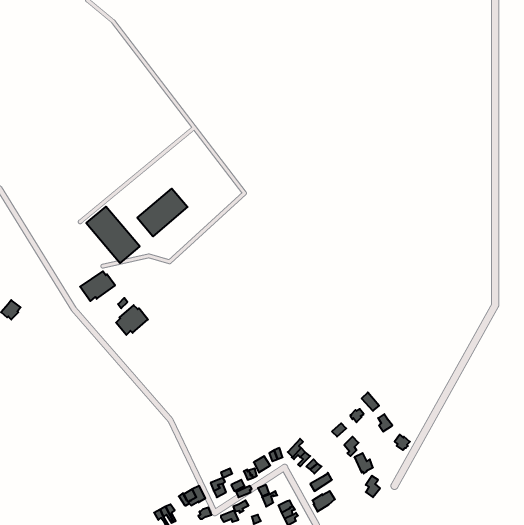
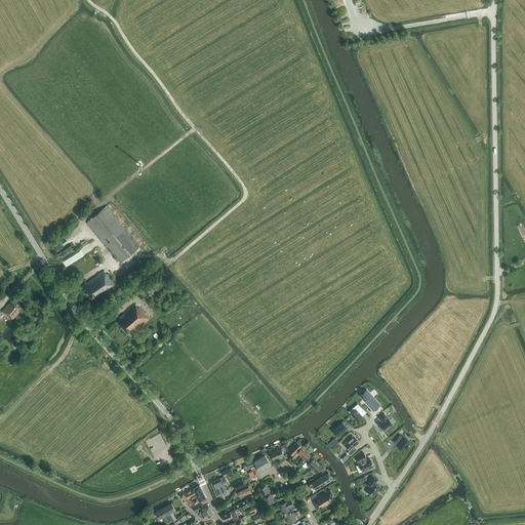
building: [137,189,188,236] -> none

